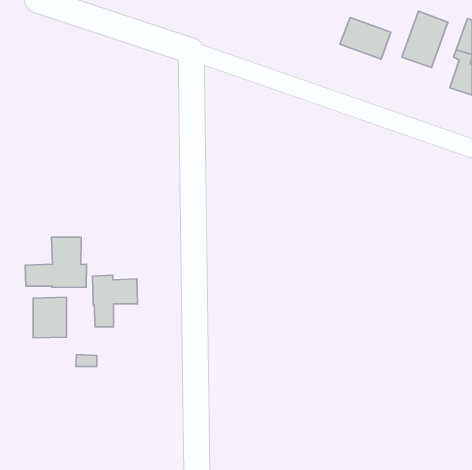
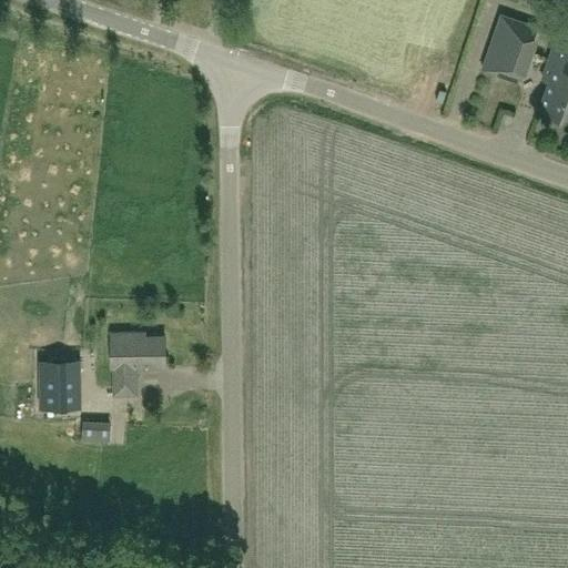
building: [340,18,391,59] -> none
building: [25,237,86,287] -> none

